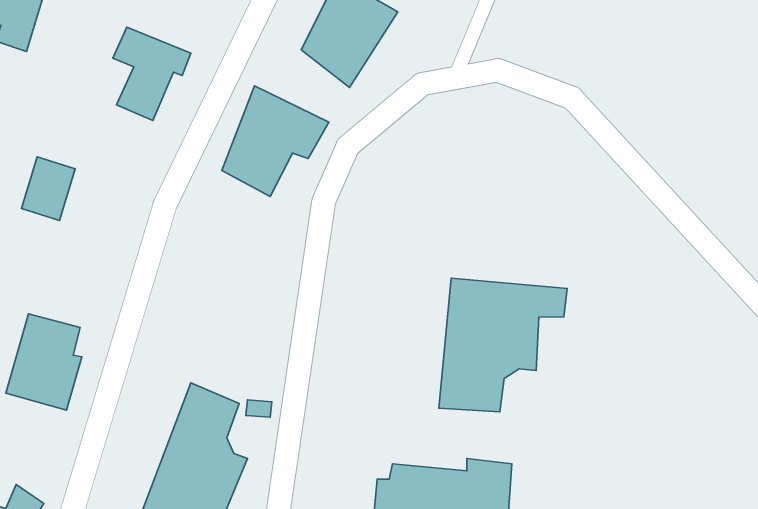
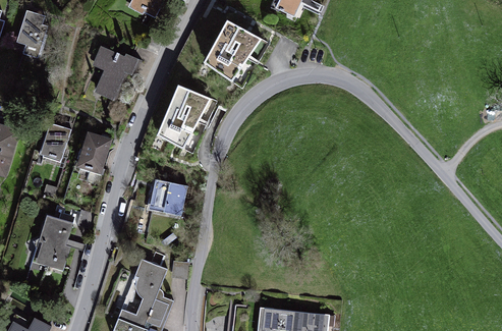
building: none -> [76,131,113,175]
building: none -> [150,178,185,212]
building: [439,278,567,412] -> none

